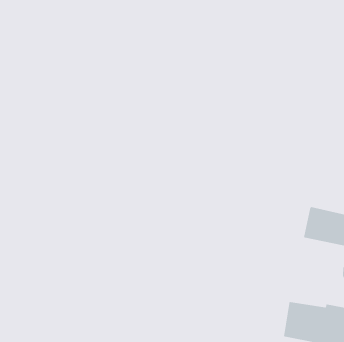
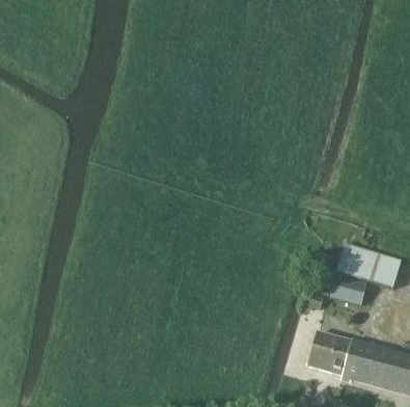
building: none -> [329,276,365,304]

